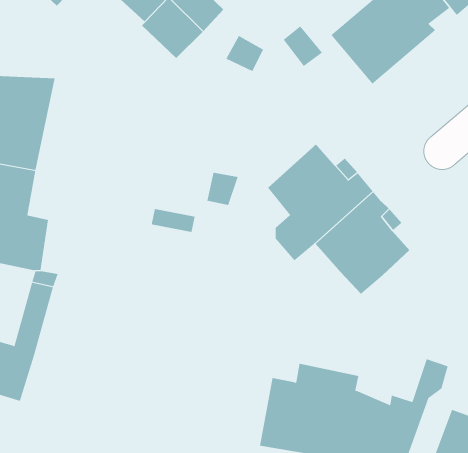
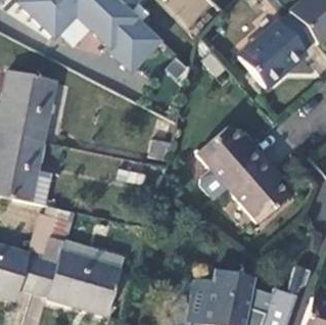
building: none -> [35,240,123,315]

